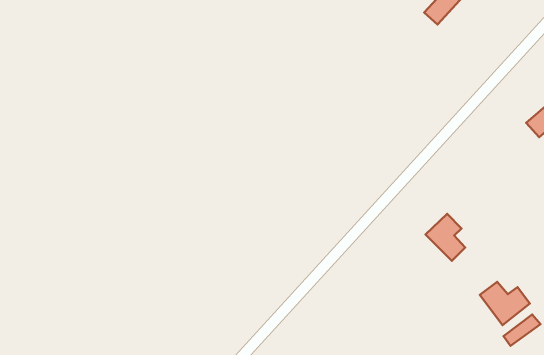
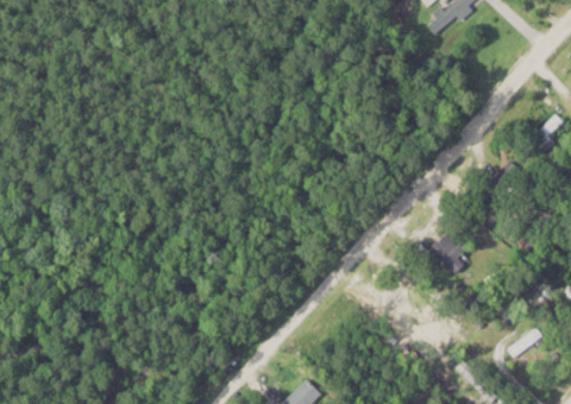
building: [480,282,530,325] -> none

